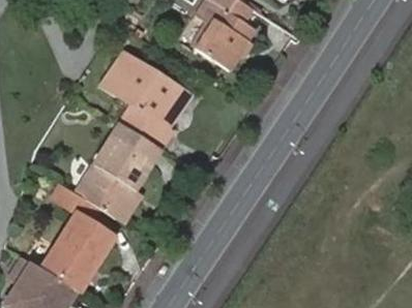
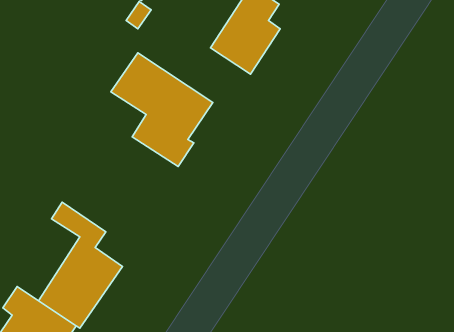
building: [78,125,164,219] -> none

